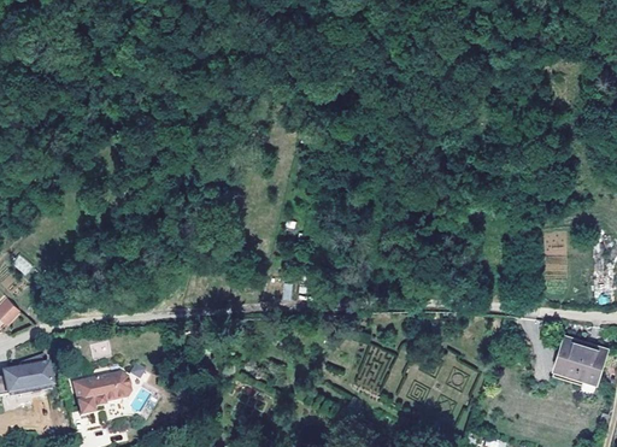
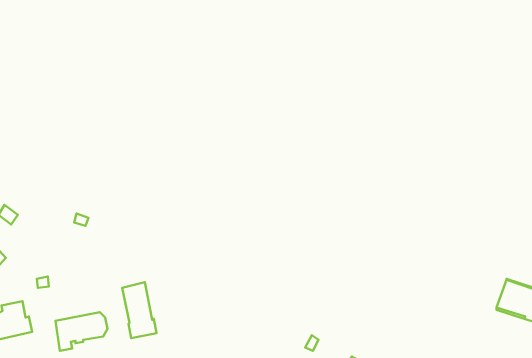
building: none -> [122,282,156,338]

